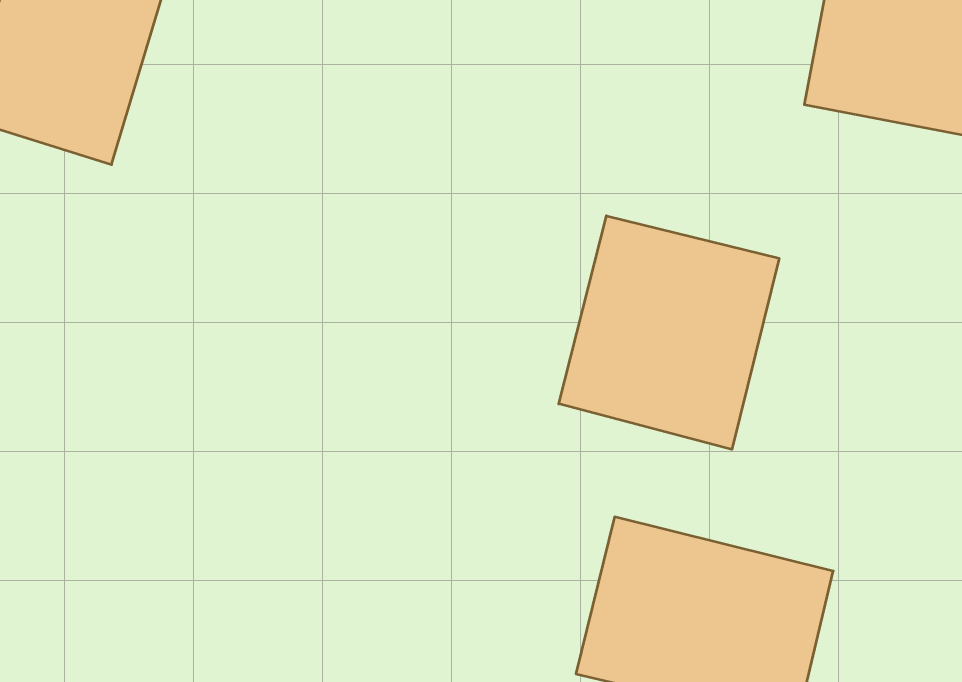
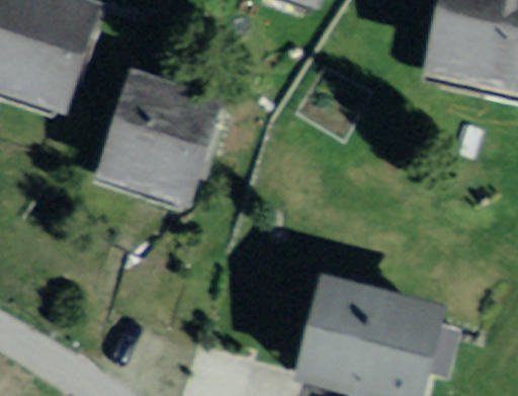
building: none -> [112,82,217,193]
building: [559,216,779,449] -> none

